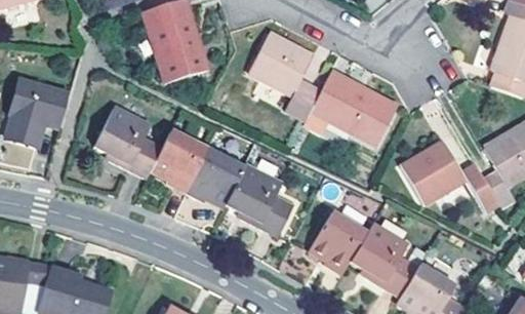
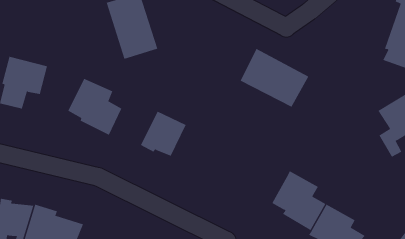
building: [248,31,320,119] -> none
building: [150,128,206,190] -> none
building: [400,140,498,209] -> none
building: [224,162,294,235] -> none
building: [308,208,368,274] -> none

